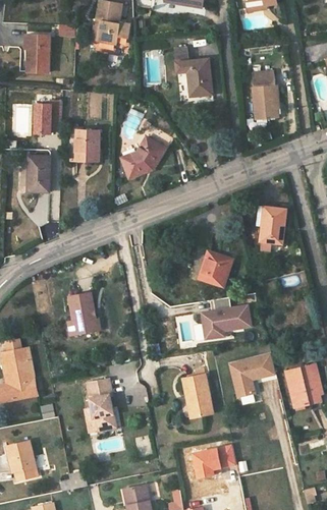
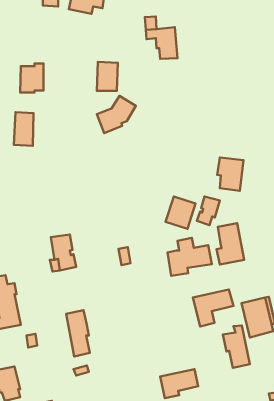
building: [25,36,49,73] -> none
building: [251,71,276,120] -> none
building: [75,129,99,162] -> [97,62,118,91]
building: none -> [197,197,220,225]
building: none -> [217,223,244,264]
building: [181,369,212,416] -> [223,325,250,368]

